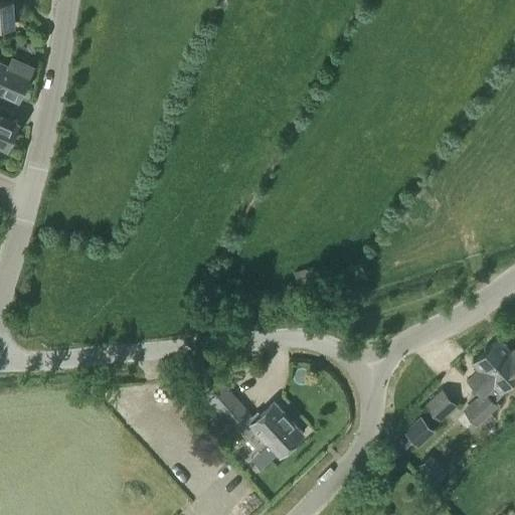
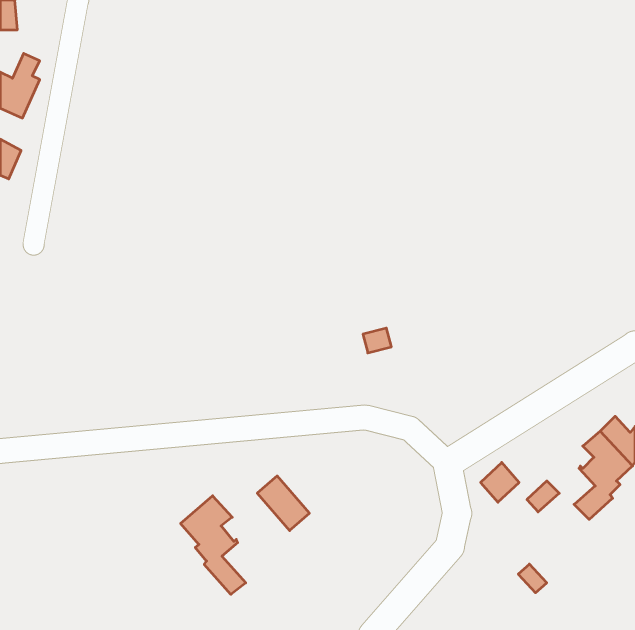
building: [241,404,303,458] -> none
building: none -> [181,496,246,594]
building: [404,418,436,451] -> [481,462,519,502]

